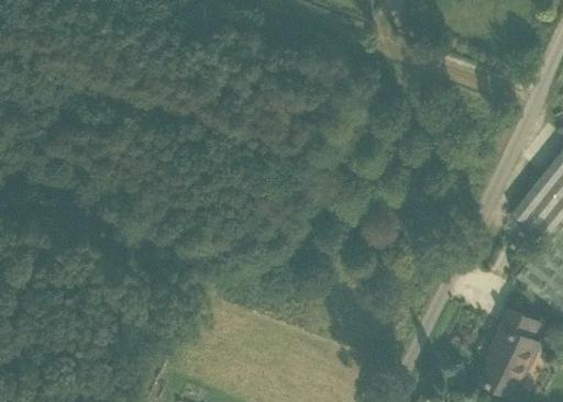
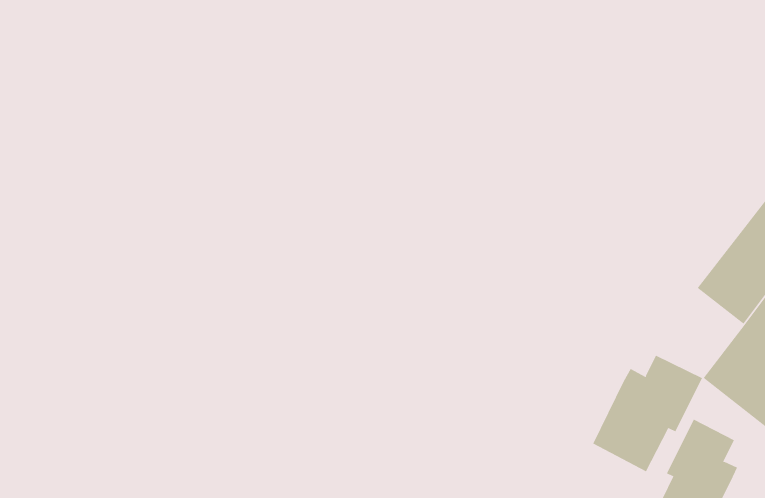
building: none -> [593,355,703,472]

